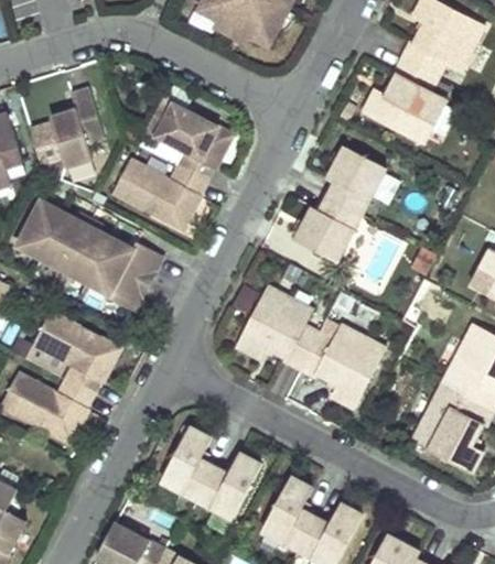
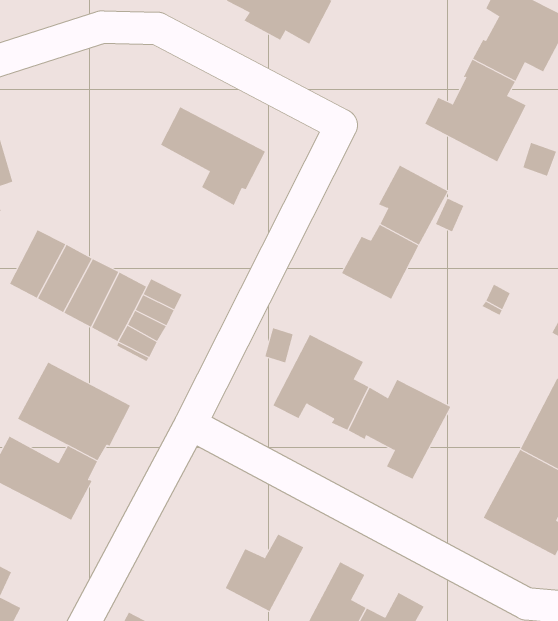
building: [26,88,103,181] -> none
building: [109,160,204,229] -> none
building: [162,427,213,499] -> none

